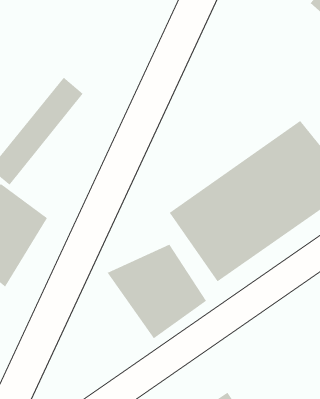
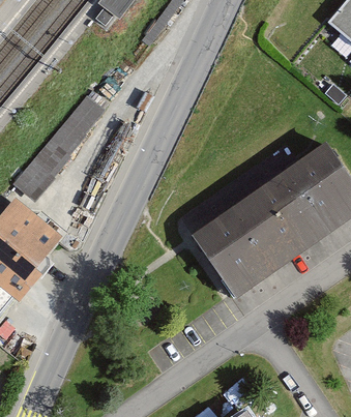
building: [107,244,207,339] -> none

